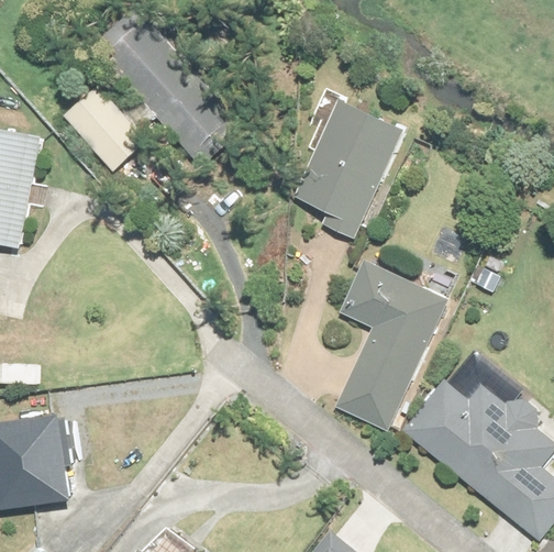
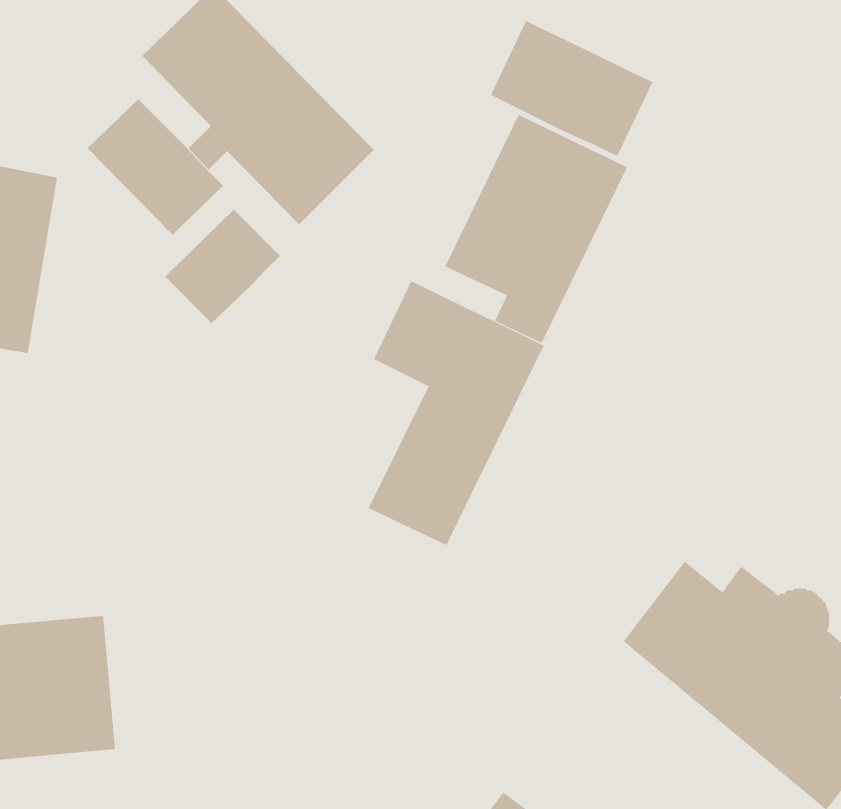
building: none -> [490,20,653,157]
building: none -> [165,209,281,324]
building: [335,258,448,429] -> [368,280,544,546]

